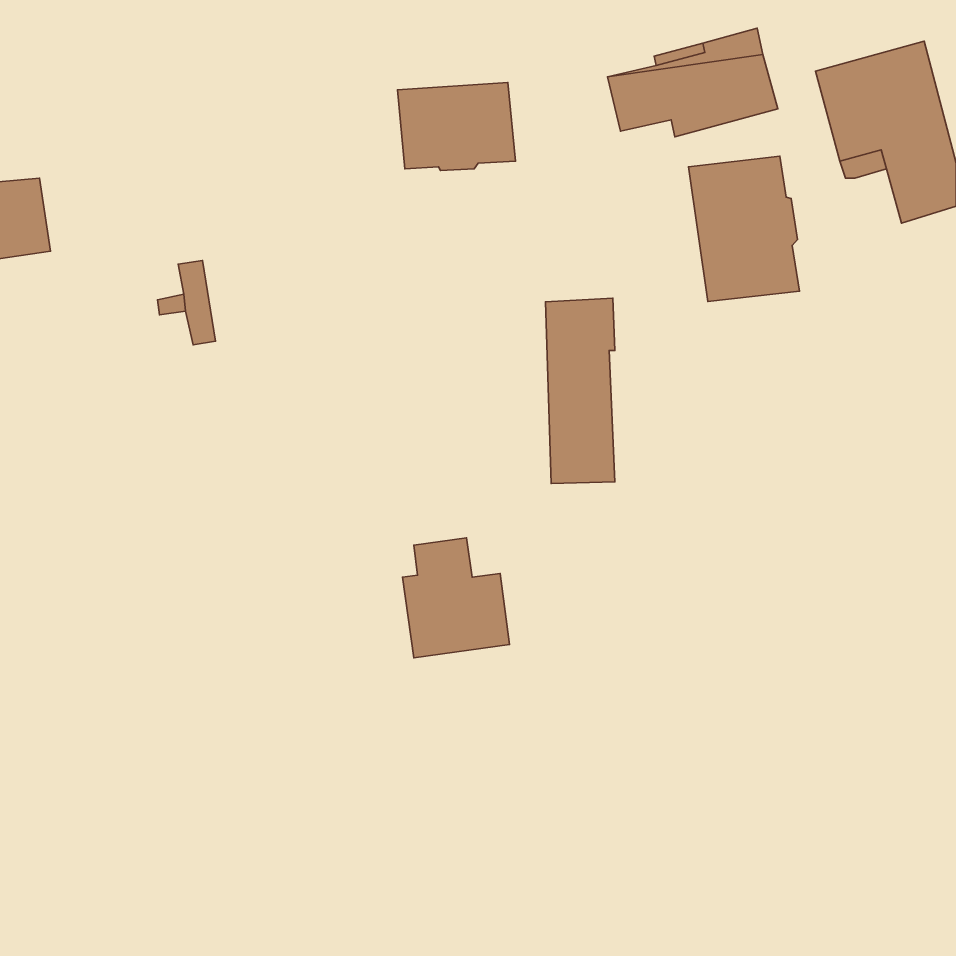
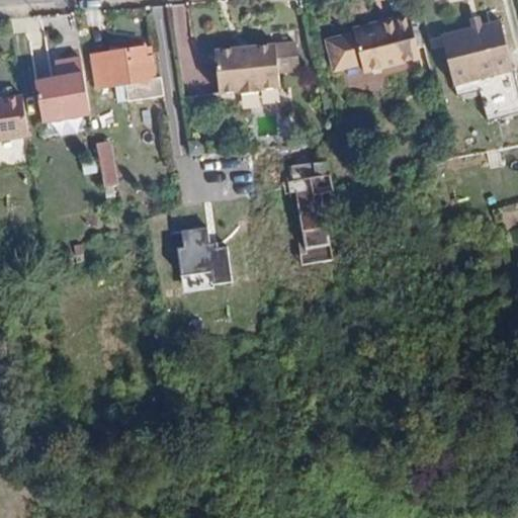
building: none -> [91,47,155,88]
building: none -> [33,51,88,112]
building: [688,156,799,302] -> none
building: [403,538,509,658] -> [177,226,235,290]

